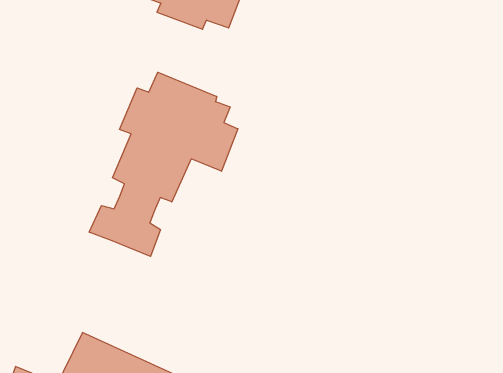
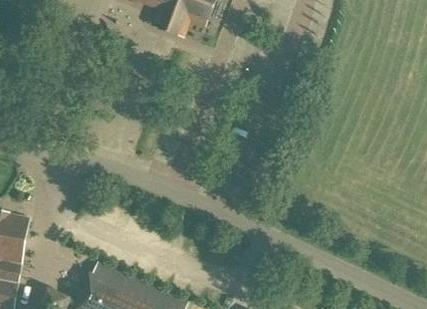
building: [89,72,238,256] -> none

